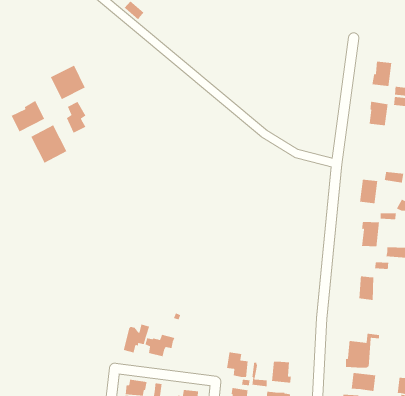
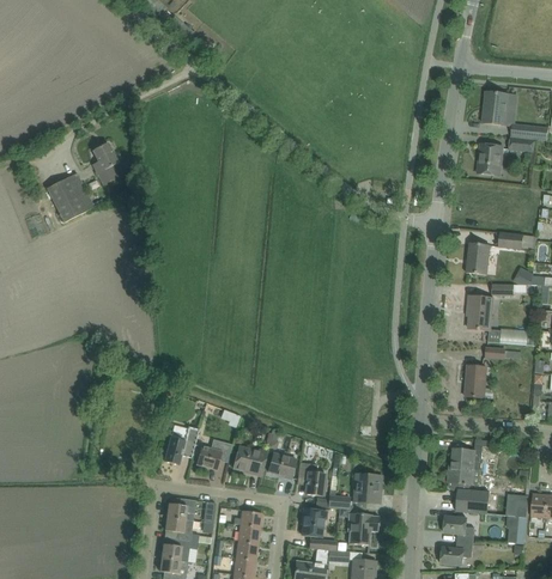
building: [50,65,86,100] -> none
building: [9,100,45,133] -> none
building: none -> [232,446,266,475]
building: none -> [267,451,296,479]

